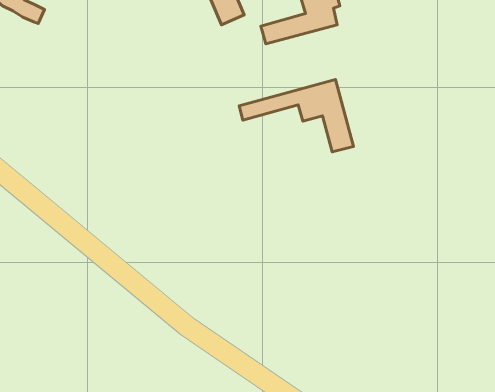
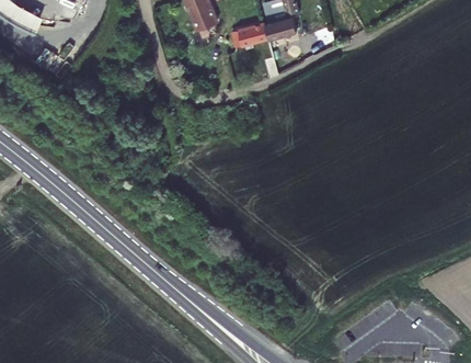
building: [239,80,353,152] -> none

